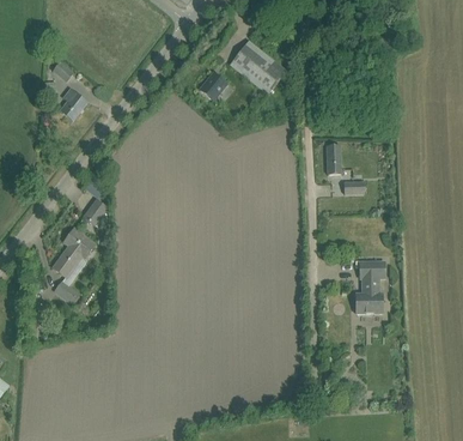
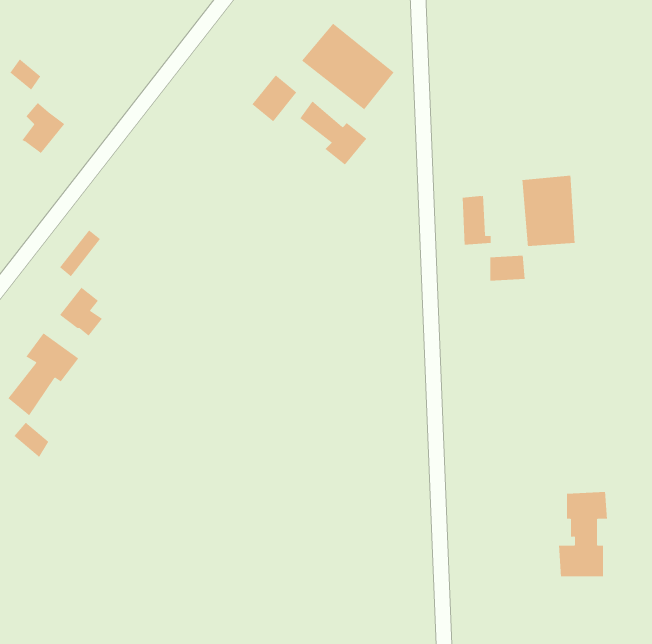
building: none -> [299,100,367,165]
building: none -> [522,175,575,247]
building: [354,260,384,312] -> [558,491,608,577]

